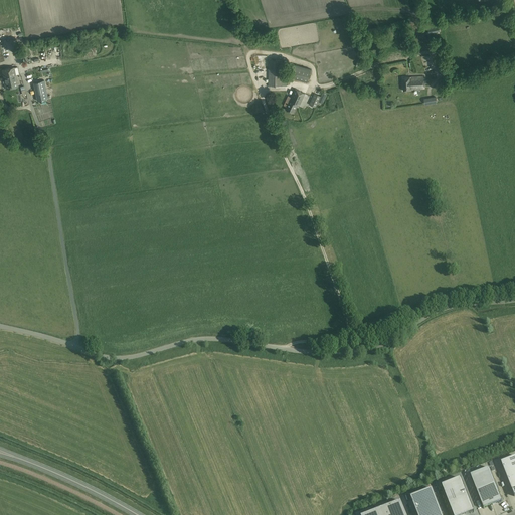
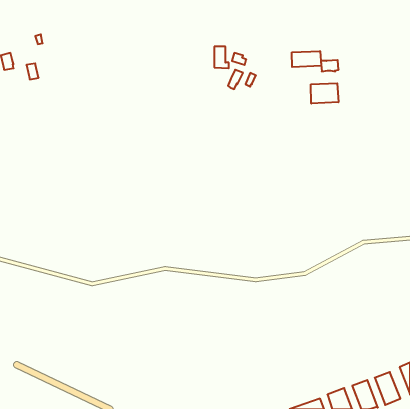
building: none -> [292,51,321,67]
building: none -> [311,83,338,104]

